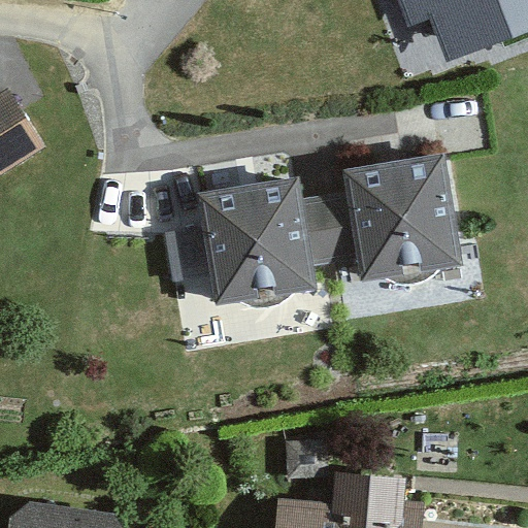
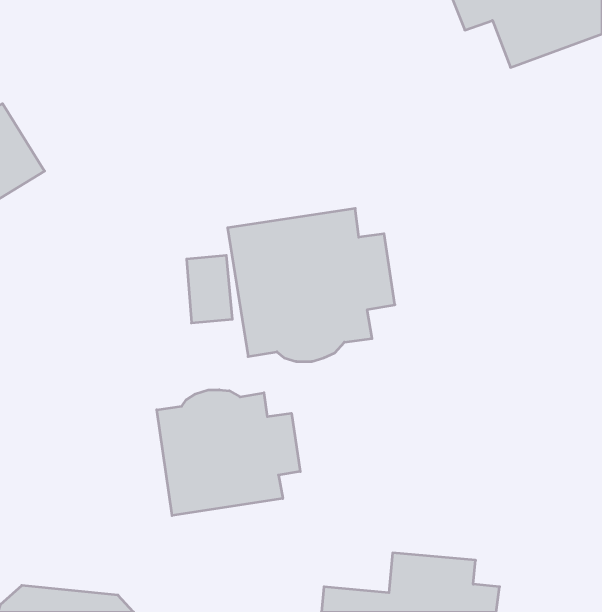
building: [329,160,465,287] -> none
building: none -> [157,390,300,516]

